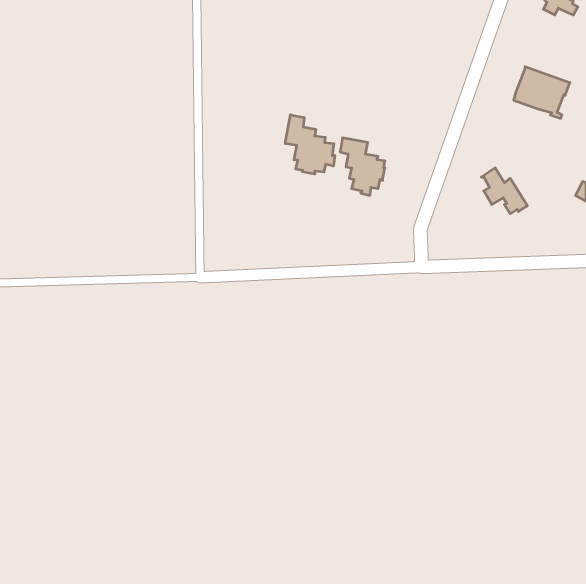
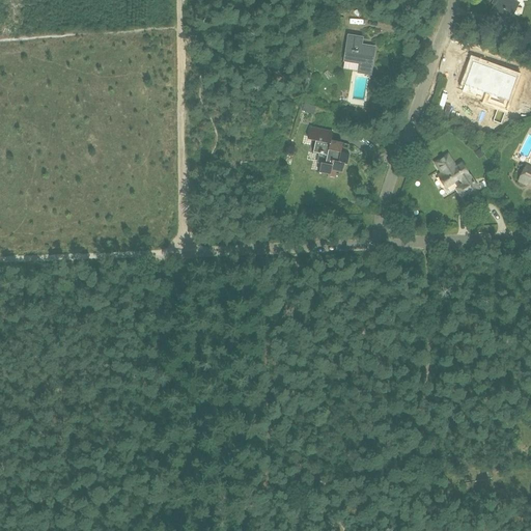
building: none -> [343,33,373,73]
building: [285,115,335,174] -> none

